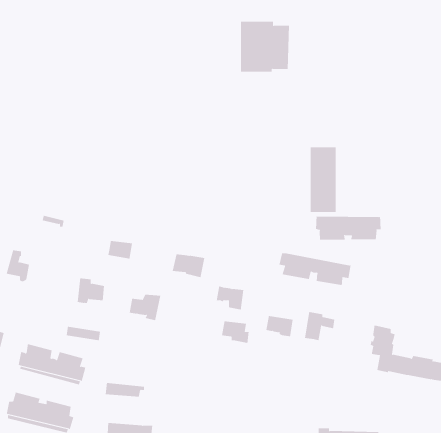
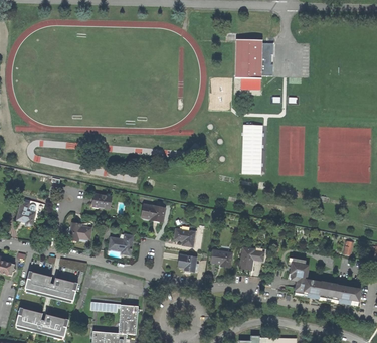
building: [240,21,290,72] -> [236,39,273,77]
building: [315,215,381,240] -> none
building: [279,252,351,286] -> none
building: none -> [119,305,139,334]

